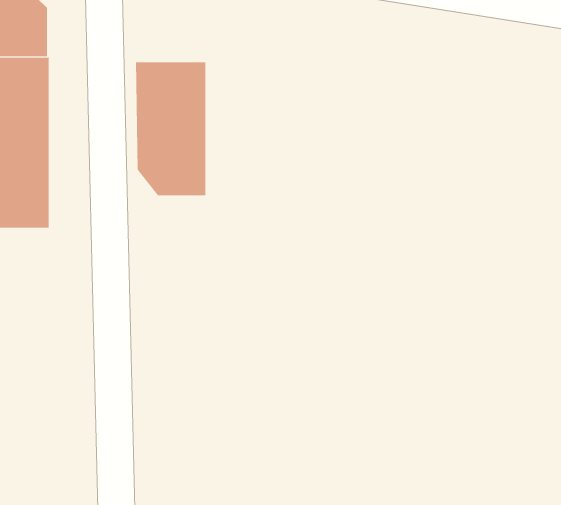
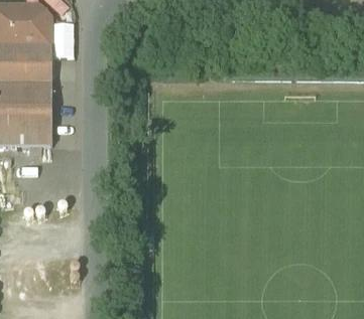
building: [136,62,206,196] -> none

